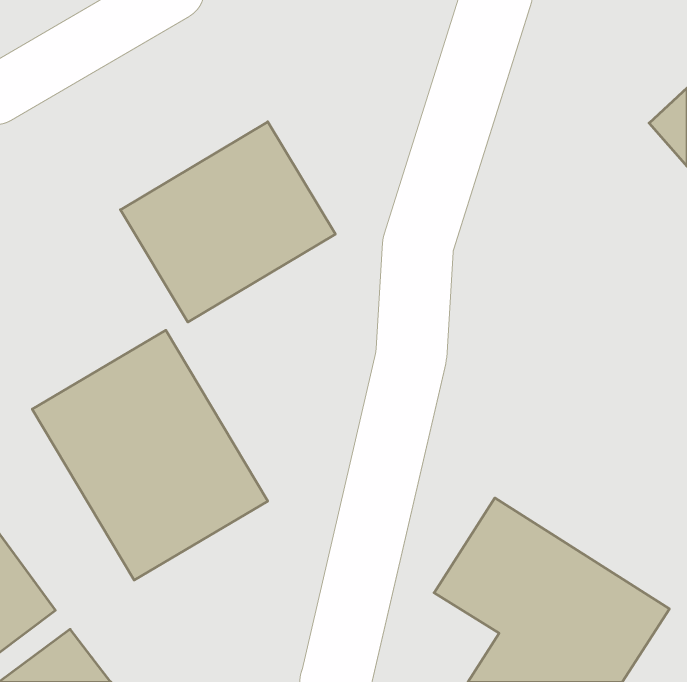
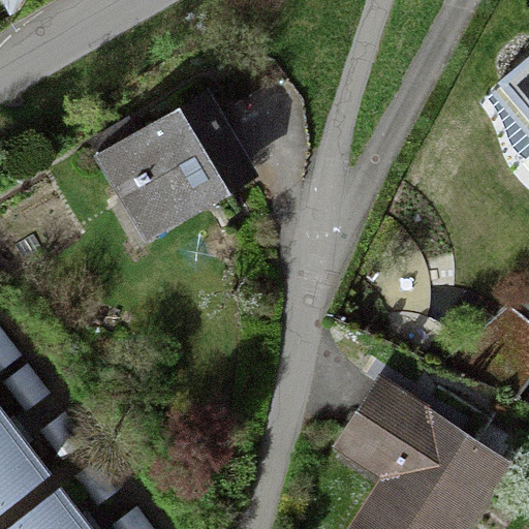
building: [32,330,268,580] -> none

